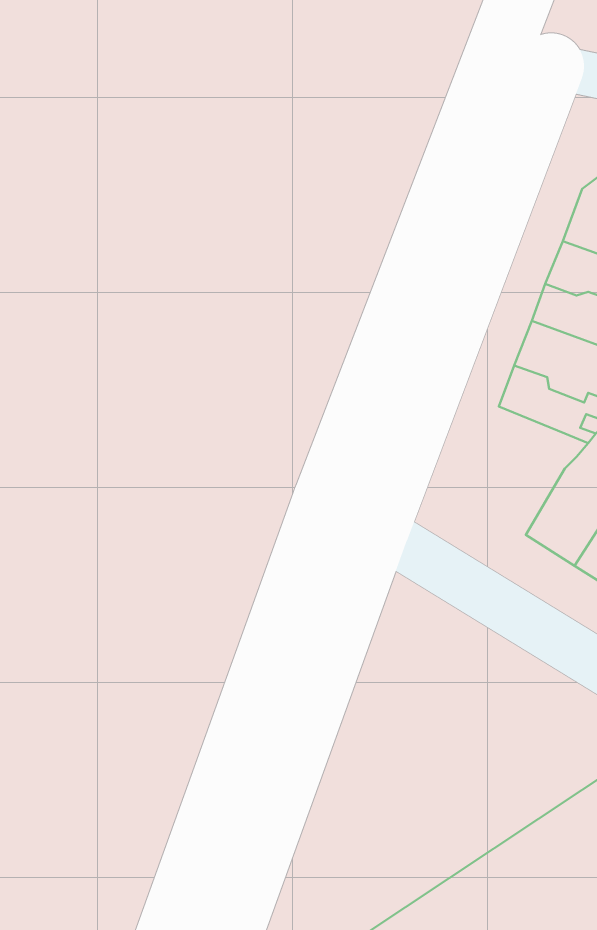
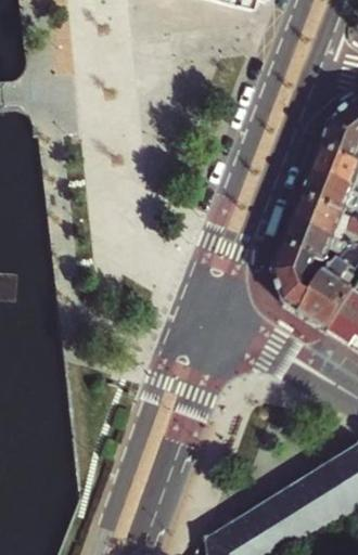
building: none -> [272,241,328,312]

